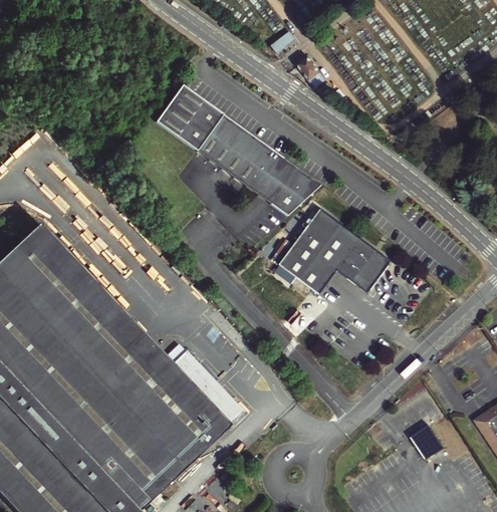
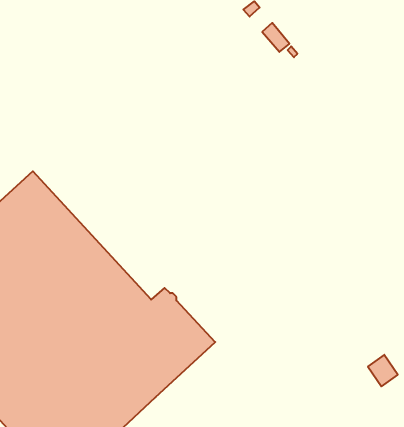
building: [156,85,321,218] -> none
building: [280,212,391,296] -> none

